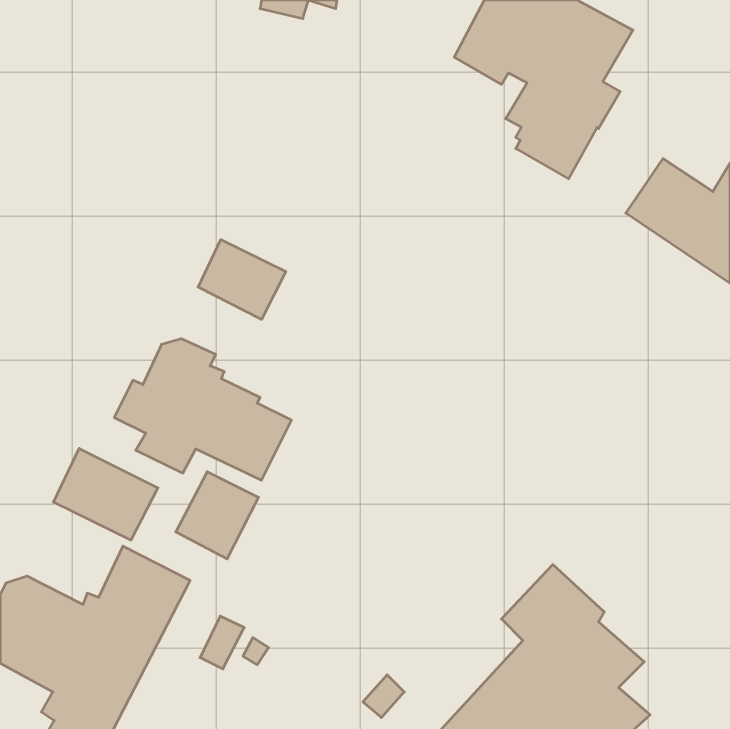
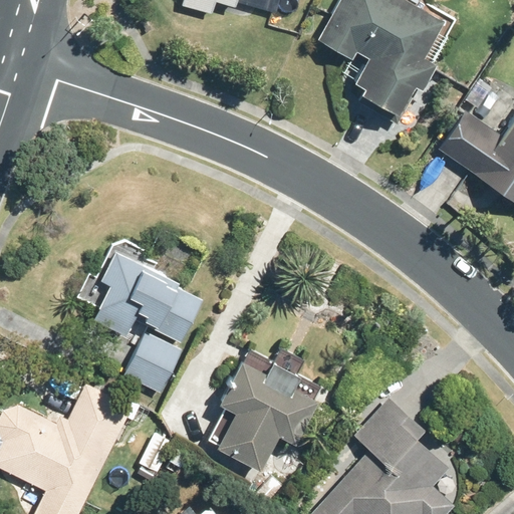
building: [198,240,286,319] -> none
building: [53,448,158,540] -> none
building: none -> [208,350,321,472]

